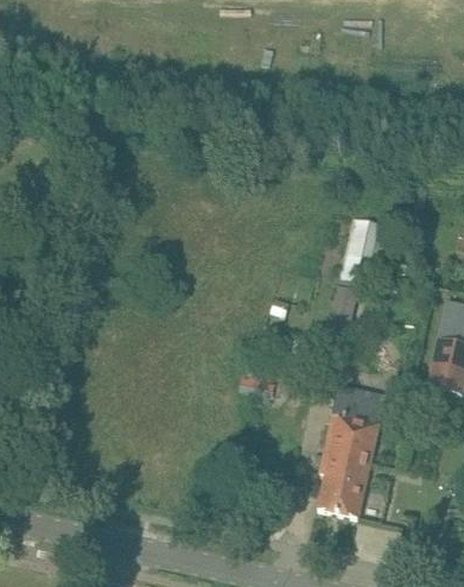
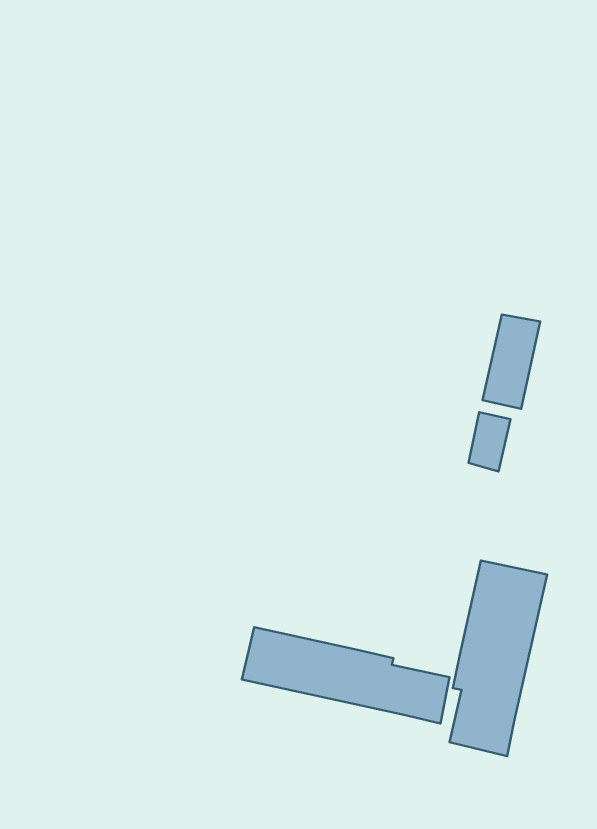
building: none -> [242,627,450,724]

